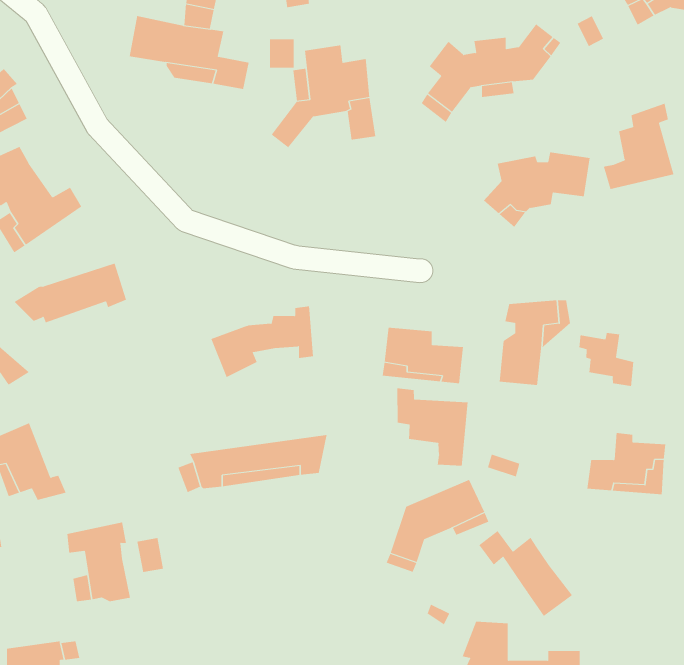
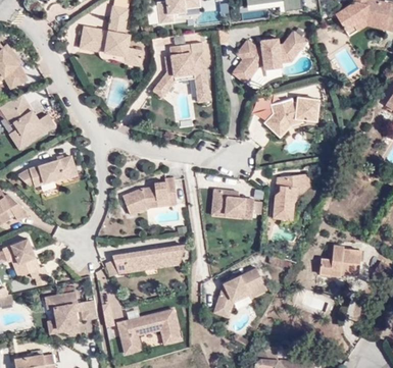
building: [603,103,674,190] -> none
building: [579,332,634,387] -> none
building: [397,388,468,466] -> none
building: [479,530,573,617] -> none
building: none -> [116,310,180,355]

